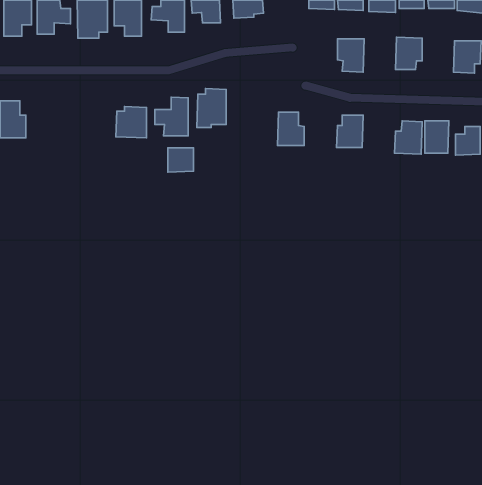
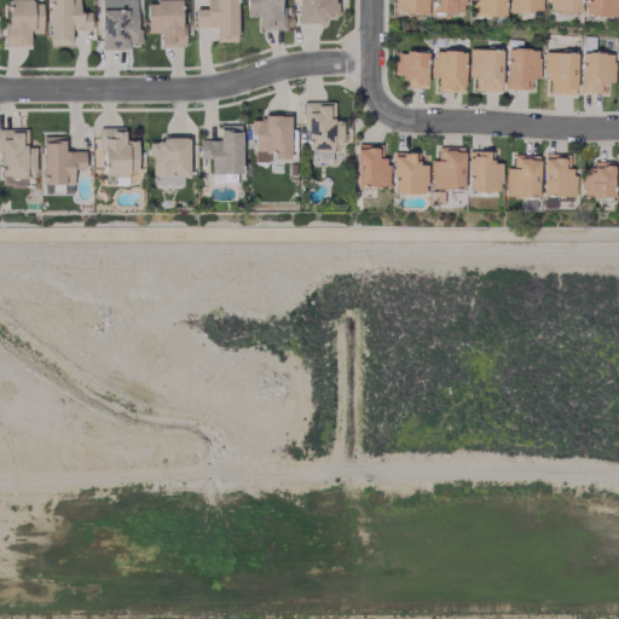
building: none -> [472,50,504,92]
building: none -> [398,51,430,88]
building: none -> [548,53,579,96]
building: none -> [307,102,346,150]
building: none -> [105,128,140,175]
building: none -> [45,137,87,185]
building: none -> [470,151,504,192]
building: none -> [395,152,429,193]
building: [168,148,194,172] -> none

